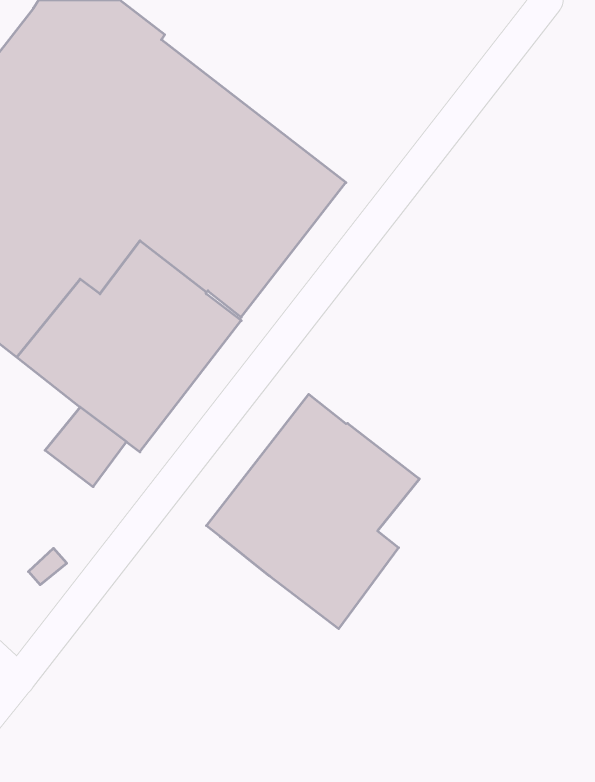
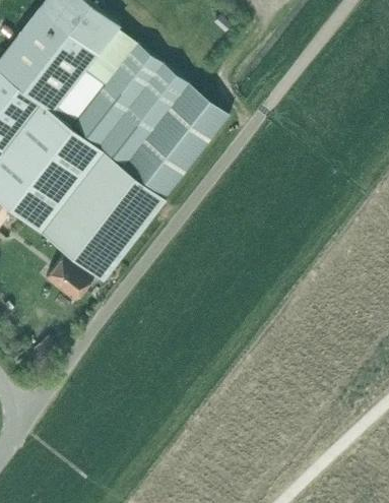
building: [206,394,419,629] -> none

